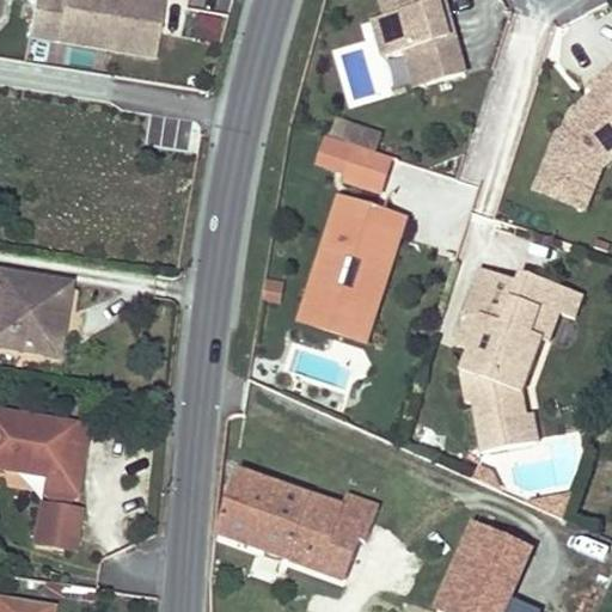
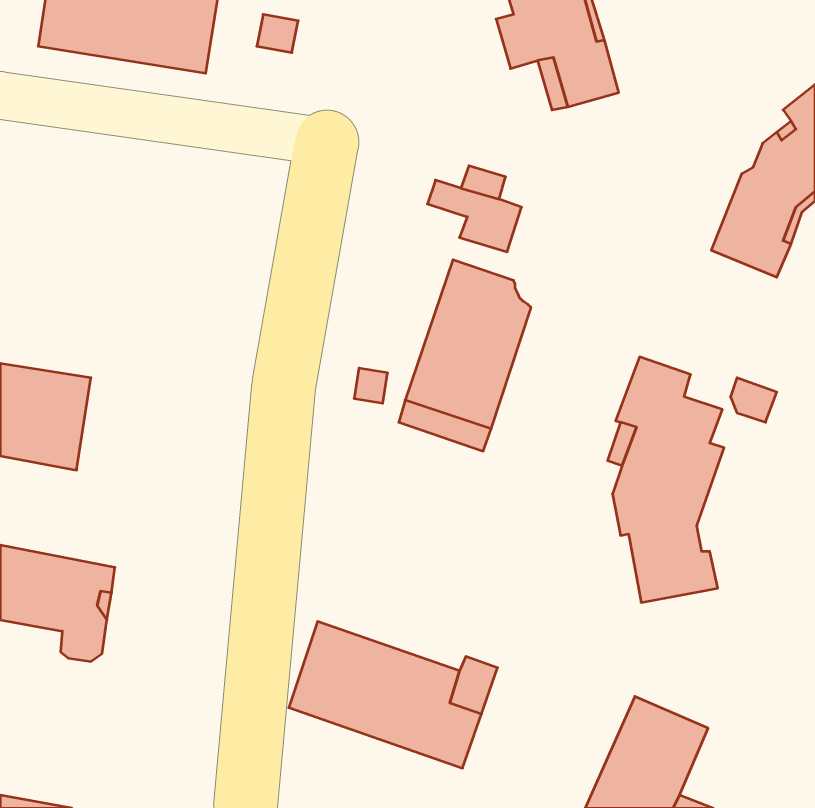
building: [513,271,559,342] -> none
building: [33,500,82,547] -> none

